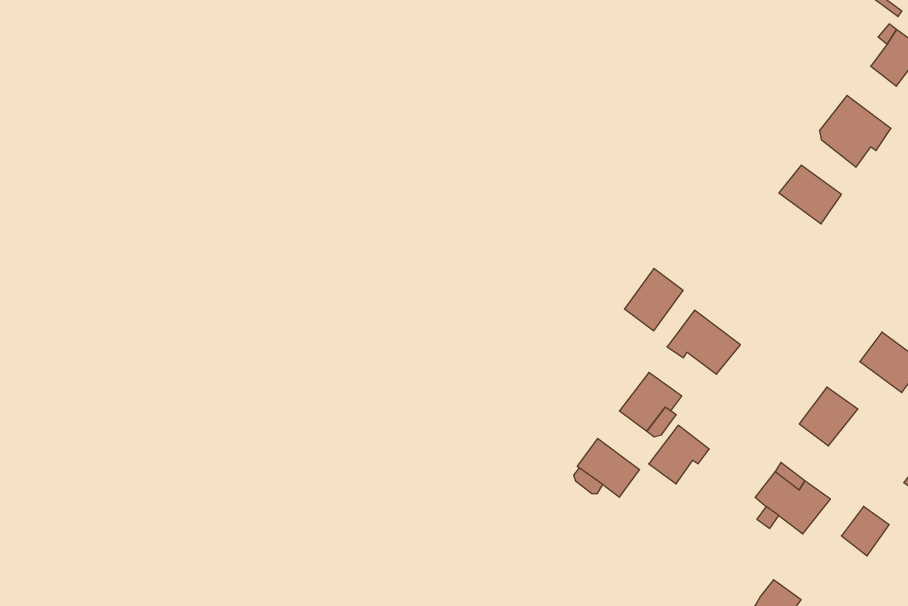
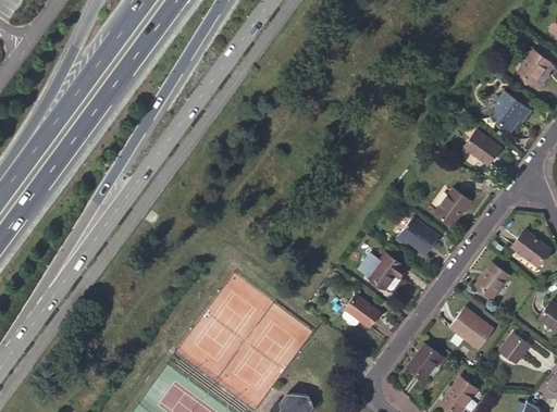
building: [624,268,683,331] -> [435,188,470,225]
building: [649,425,709,484] -> [408,344,444,378]

